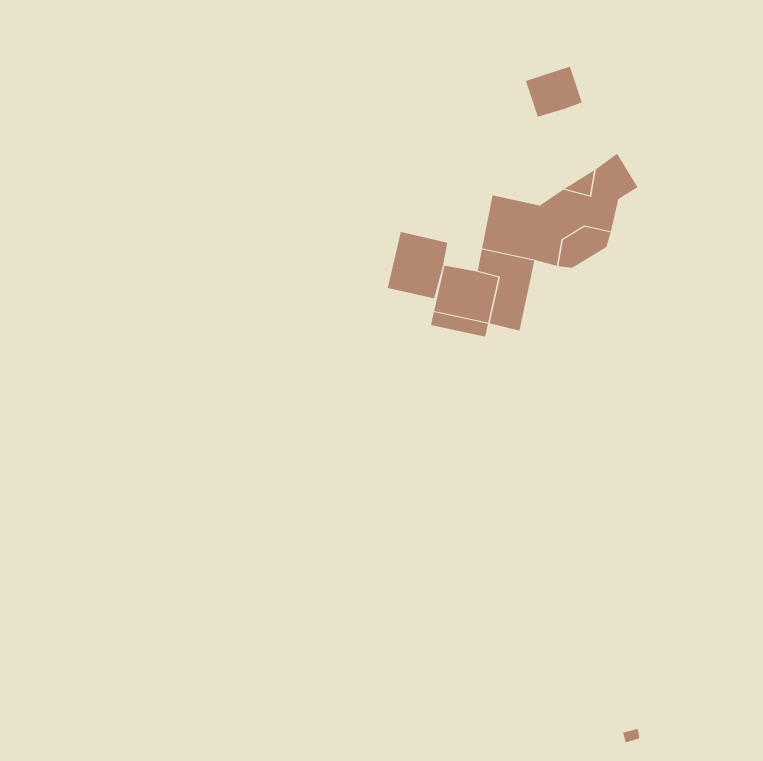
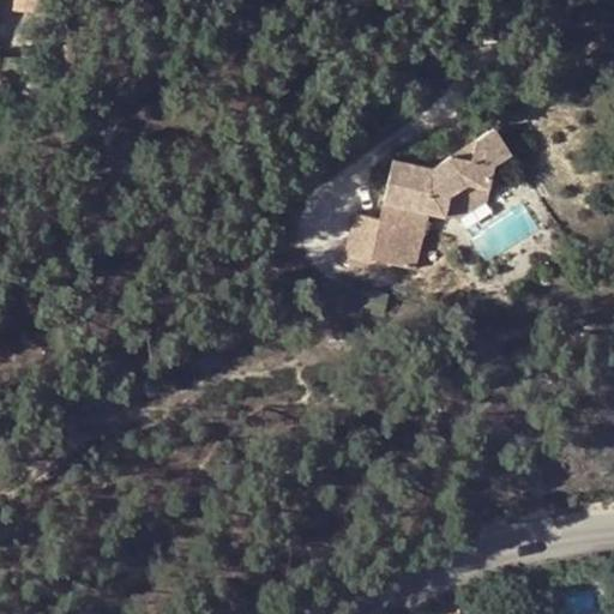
building: [525,66,583,117] -> none
building: [387,231,448,299] -> none

